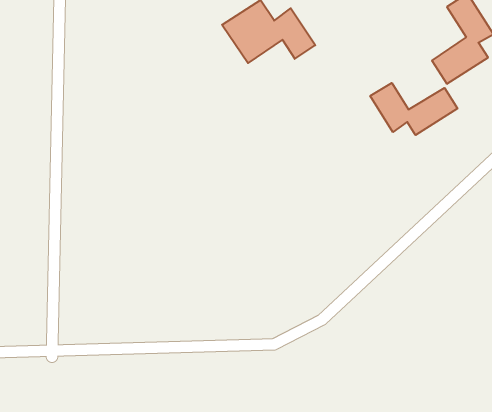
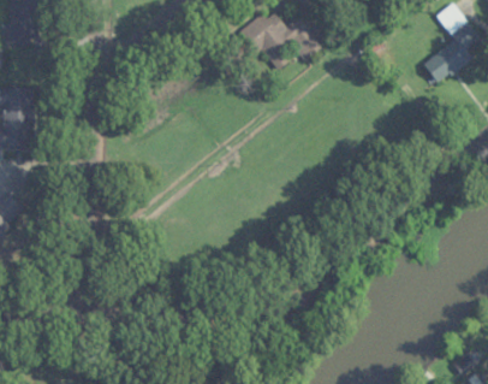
building: [370,83,457,135] -> none

